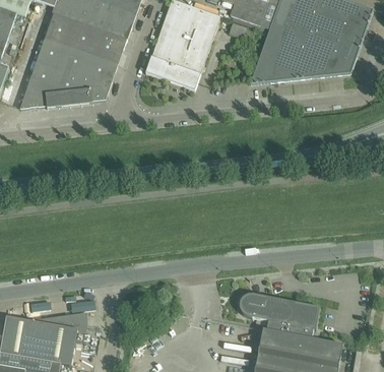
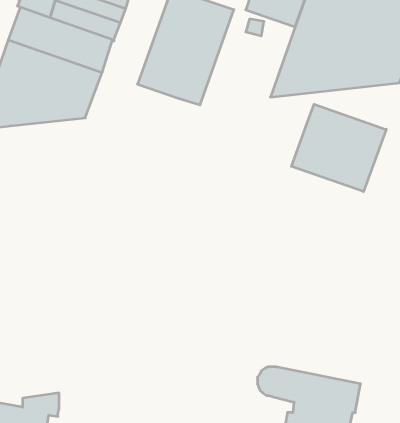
building: none -> [291,104,386,192]

